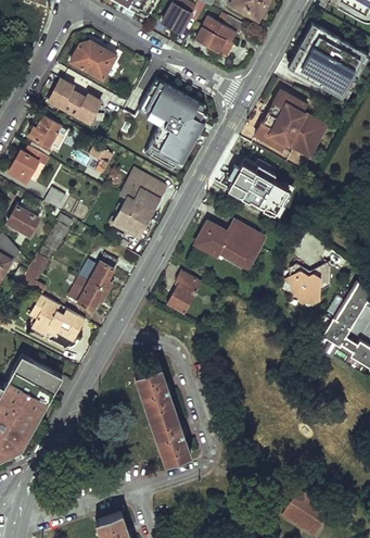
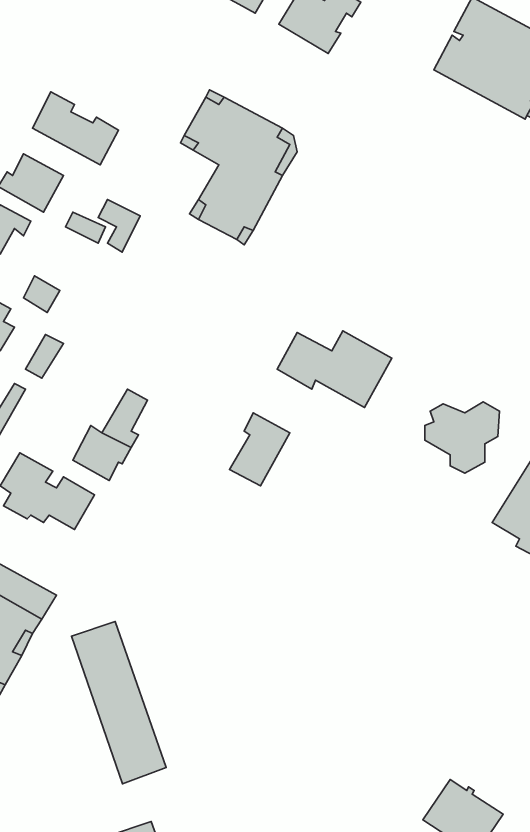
building: [71,42,115,80] -> none
building: [255,91,327,158] -> none
building: [228,158,296,215] -> none
building: [115,174,166,238] -> none
building: [133,368,190,465] -> [71,622,166,784]

